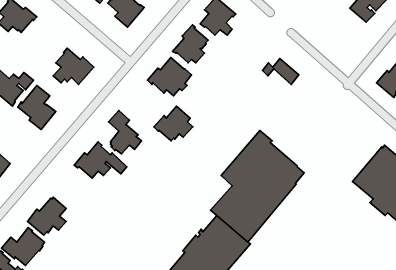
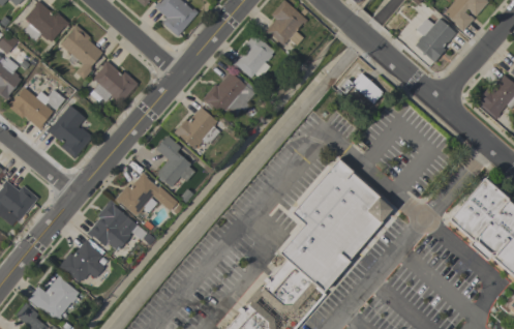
building: none -> [415,18,456,62]
building: none -> [61,24,103,79]
building: [154,106,193,141] -> [174,107,220,148]
building: none -> [87,199,147,250]

